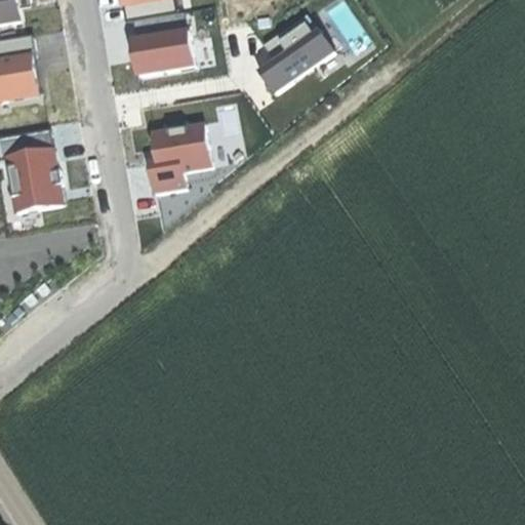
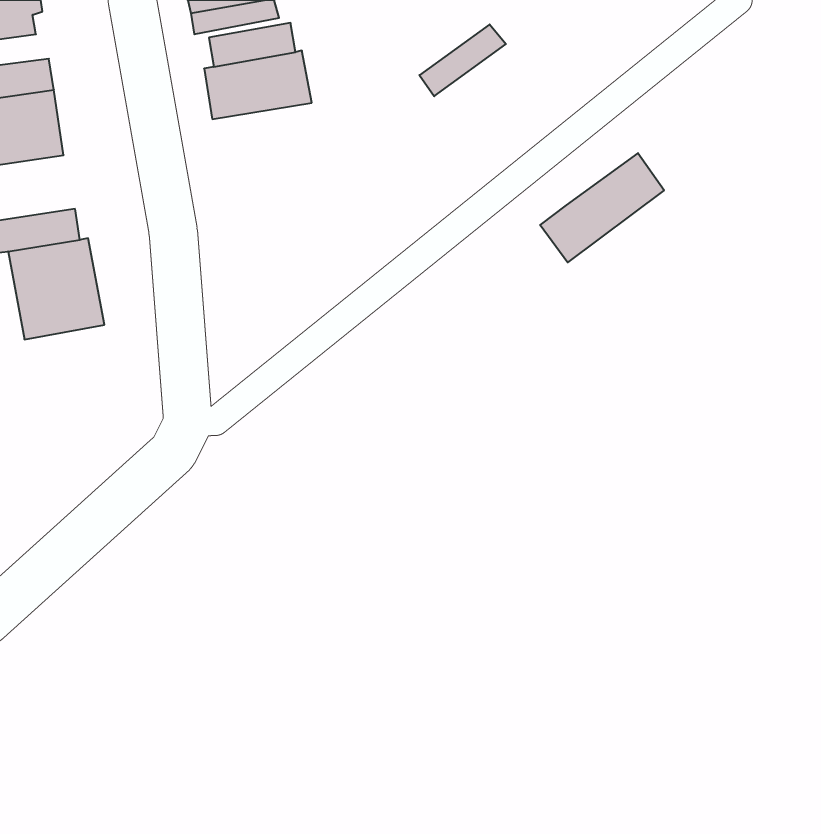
building: [256,28,334,96] -> [540,153,664,262]
building: [143,122,207,194] -> none

